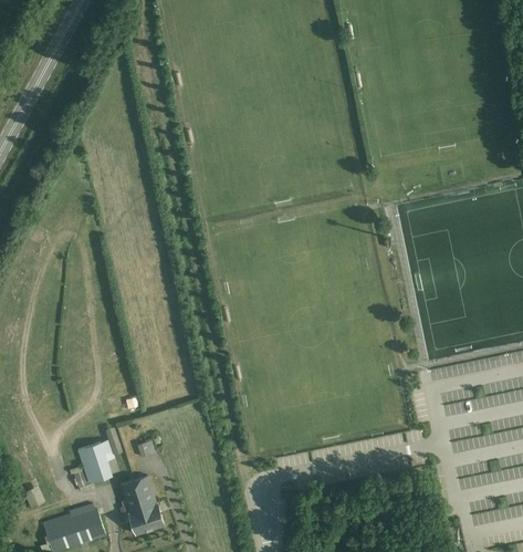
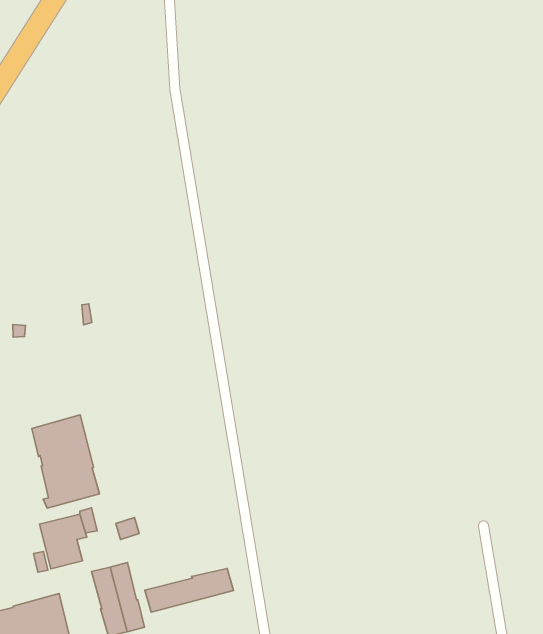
building: none -> [32,415,99,508]
building: none -> [145,568,233,612]

